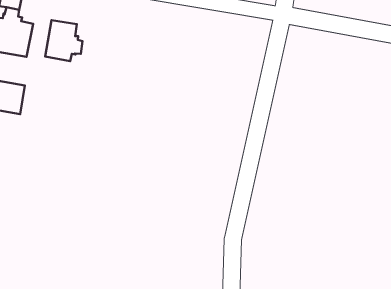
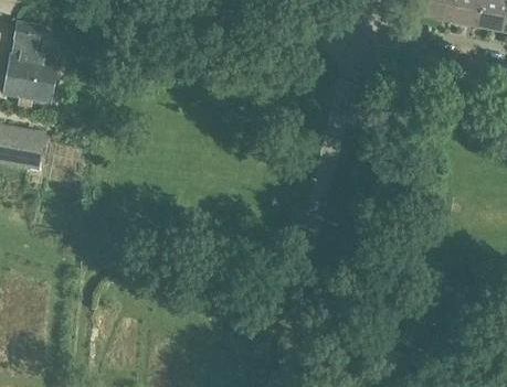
building: [45,20,83,61] -> none

